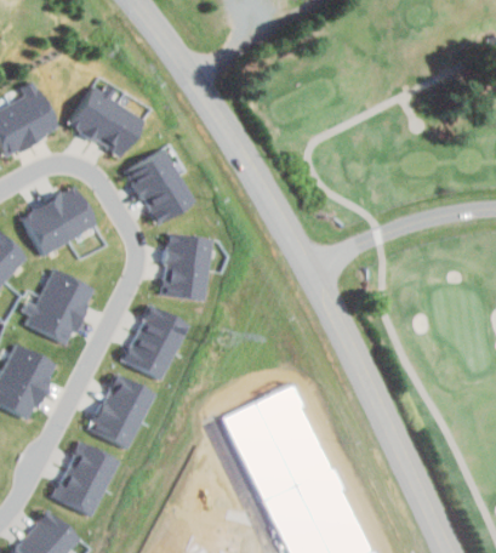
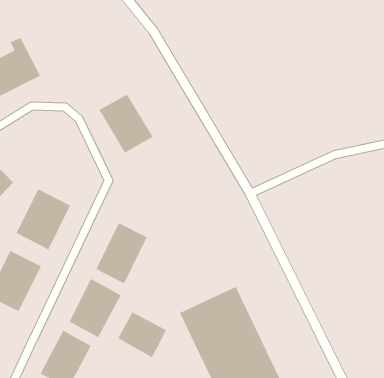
building: [69,90,142,158] -> none
building: [22,187,96,253] -> none
building: [161,236,210,301] -> none
building: none -> [118,311,167,358]

